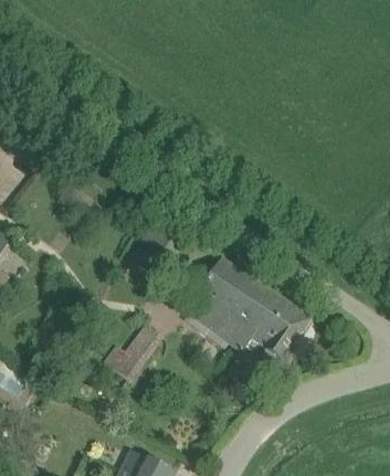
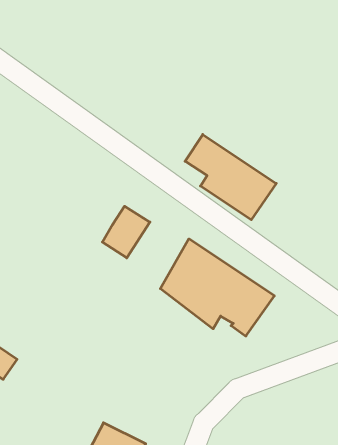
building: none -> [185,134,276,220]
building: [103,324,161,379] -> none

